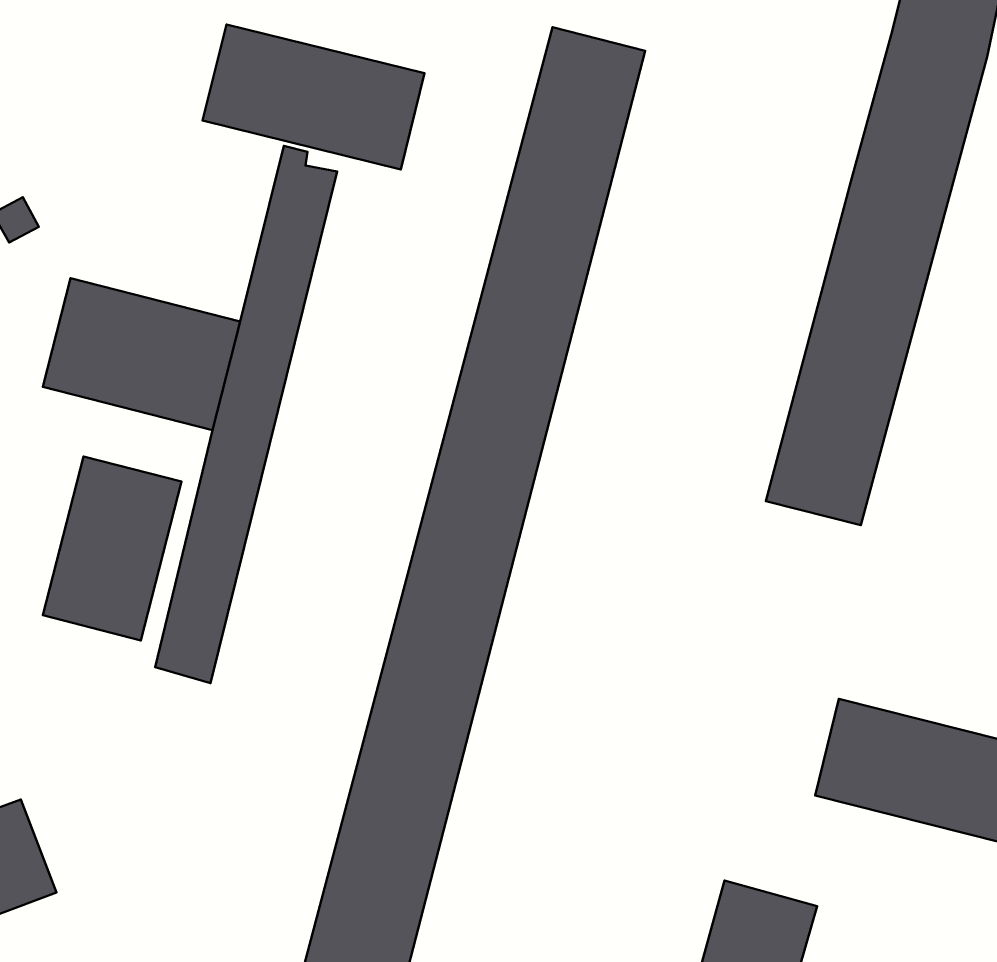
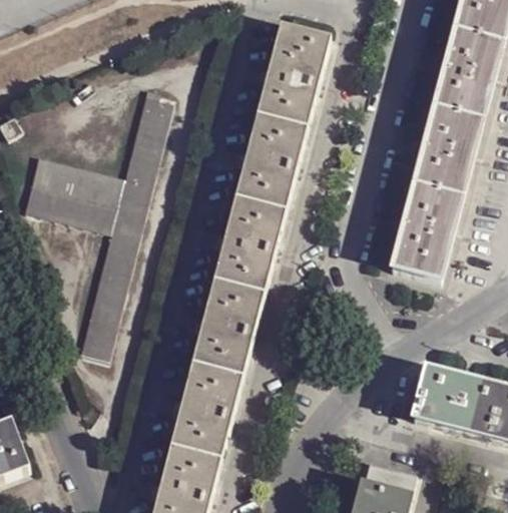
building: [202,24,425,170] -> none
building: [43,456,181,640] -> none

